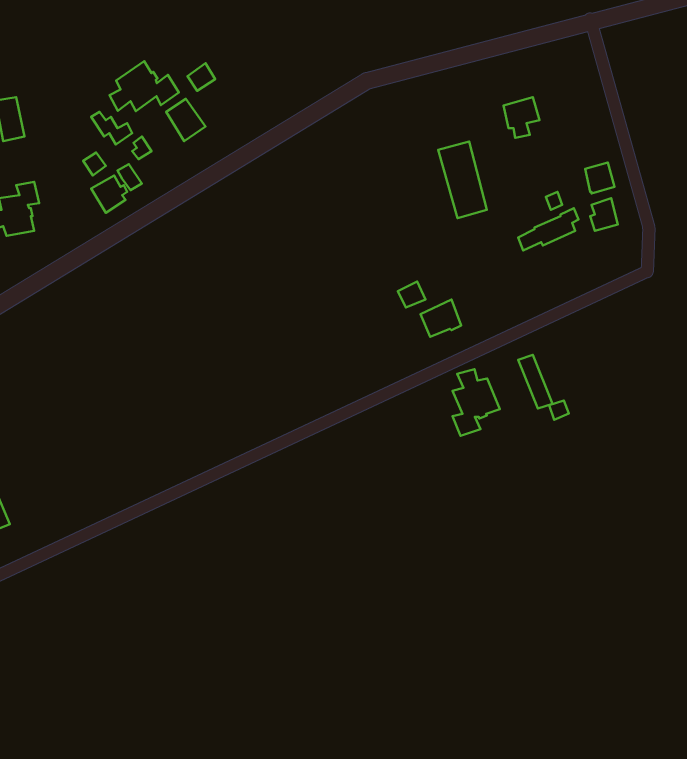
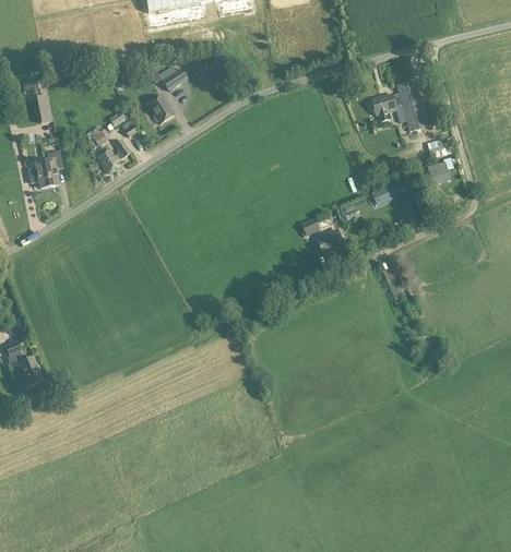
building: [109,61,179,111] -> none
building: [438,142,487,218] -> [394,80,427,131]
building: [453,369,500,436] -> none

